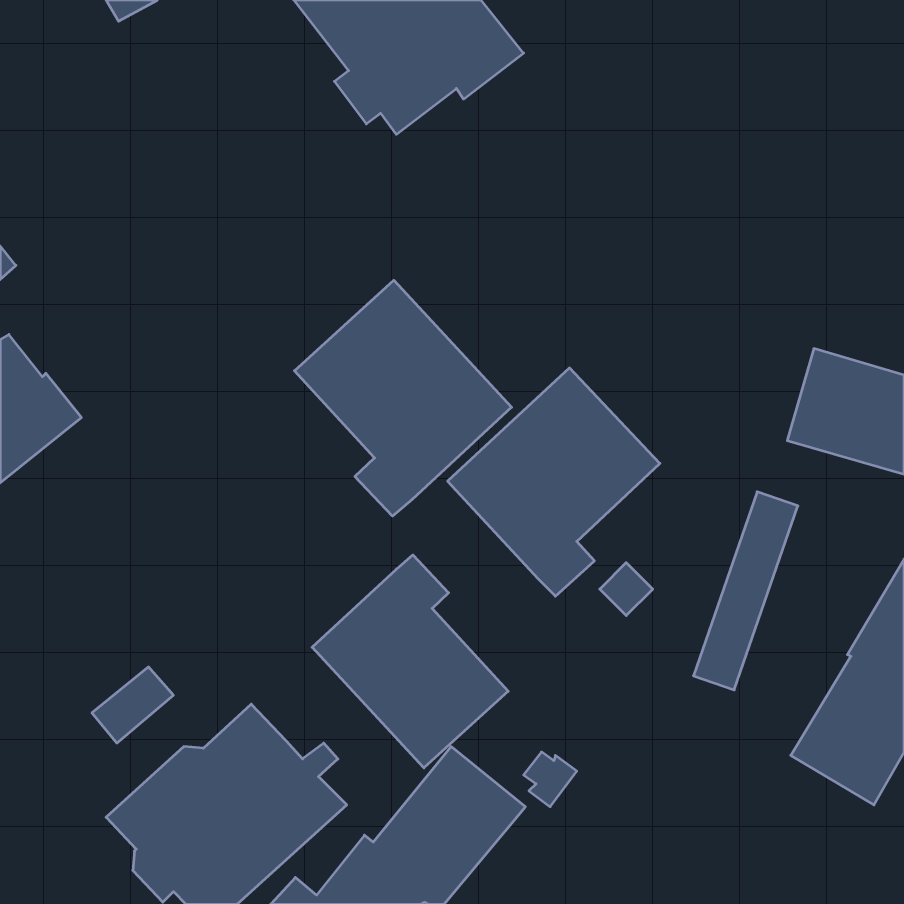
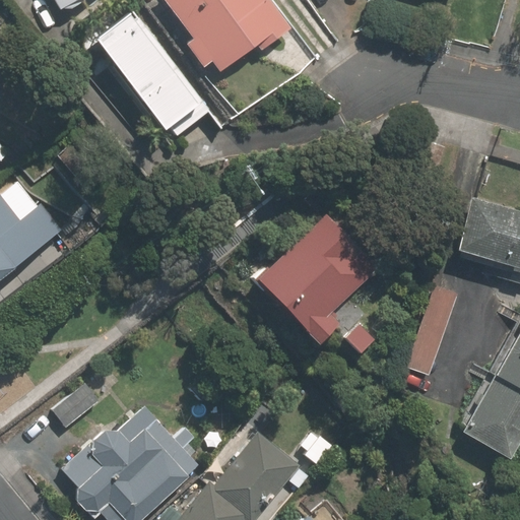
building: none -> [99,12,209,138]
building: [294,280,512,516] -> none
building: [312,555,508,768] -> none

